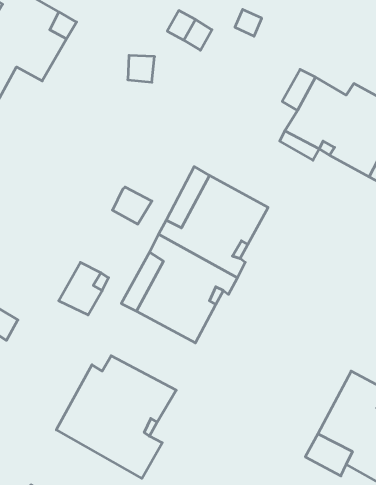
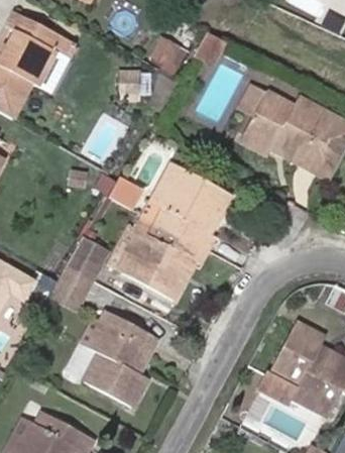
building: none -> [50,267,90,307]

